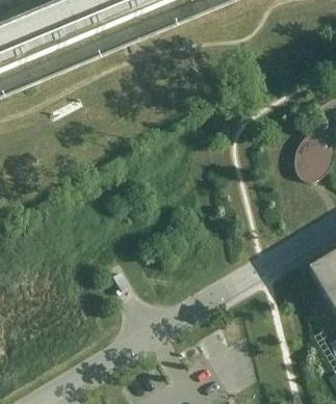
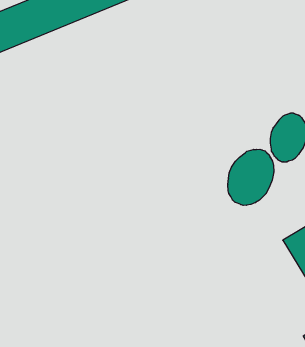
building: none -> [228,149,274,205]

